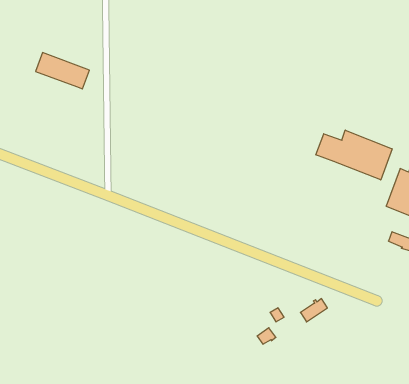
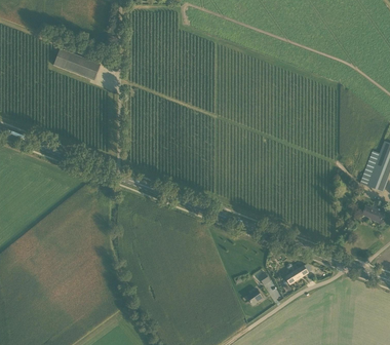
building: [316,130,392,180] -> none

